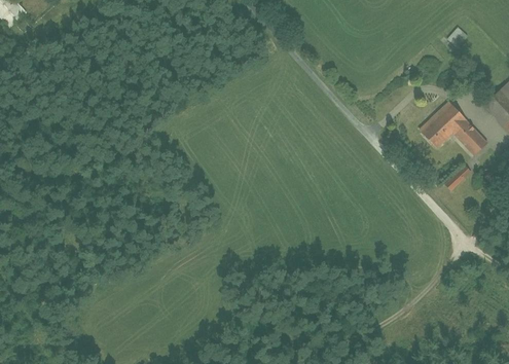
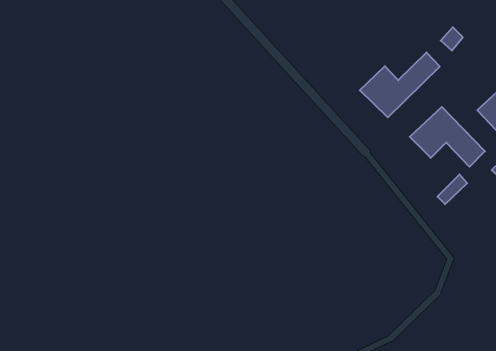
building: none -> [360,52,440,117]

